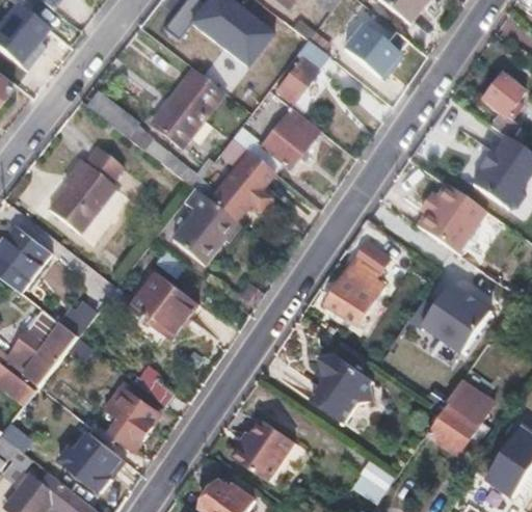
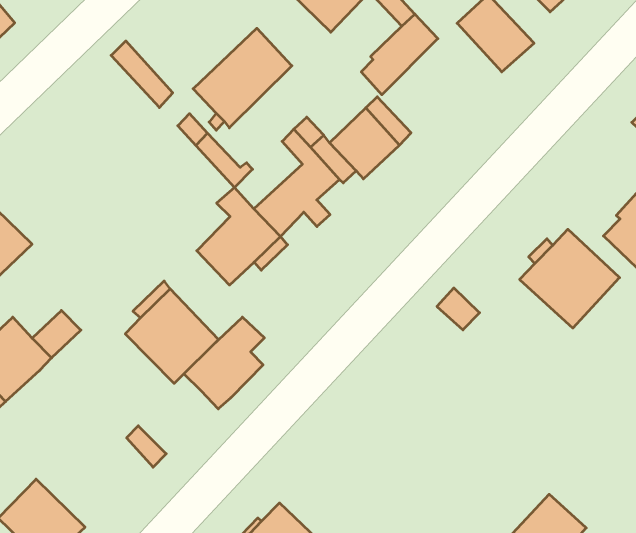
building: [47,145,124,233] -> none
building: [327,264,384,324] -> none
building: [409,282,493,351] -> none
building: none -> [184,317,264,409]
building: [311,350,377,421] -> none
building: [111,388,160,450] -> none

